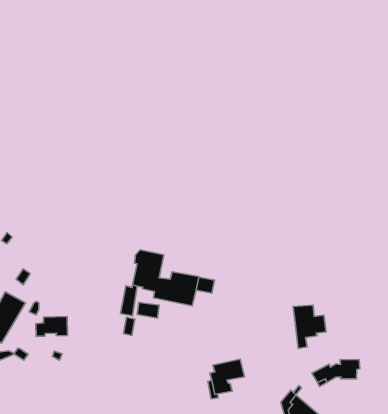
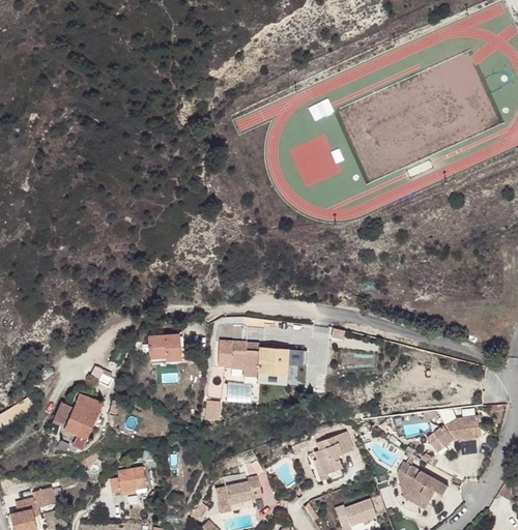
building: none -> [148,334,181,361]
building: [293,305,326,348] -> none
building: [36,317,67,336] -> [110,468,146,494]
building: none -> [226,478,262,505]

